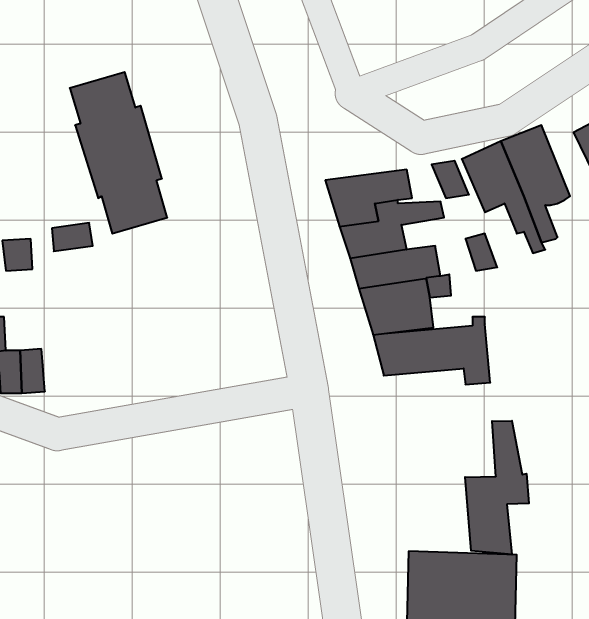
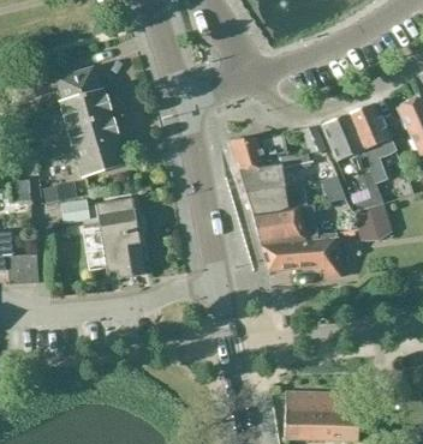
building: none -> [353,187,394,240]
building: none -> [61,198,145,280]
building: [465,421,529,555] -> none

